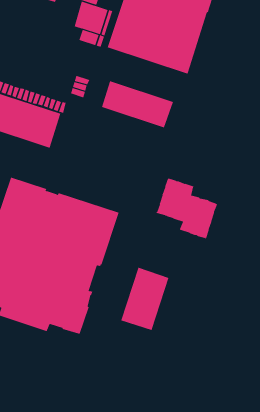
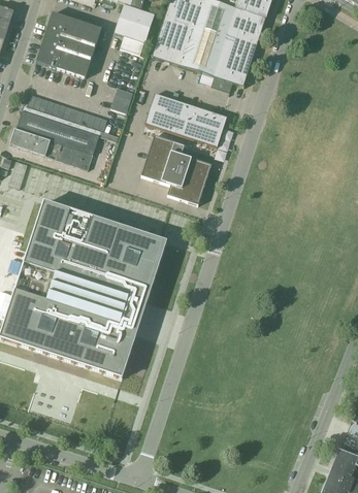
building: none -> [36,11,101,76]
building: [155,177,218,239] -> [140,134,210,204]
building: [121,267,169,331] -> none

